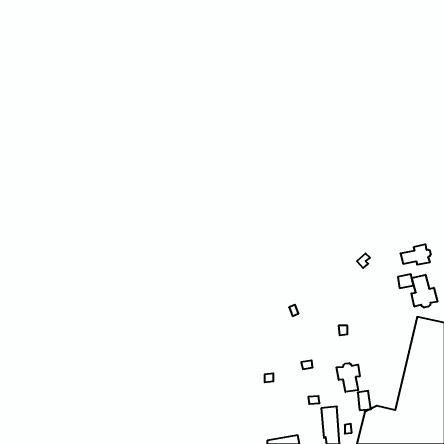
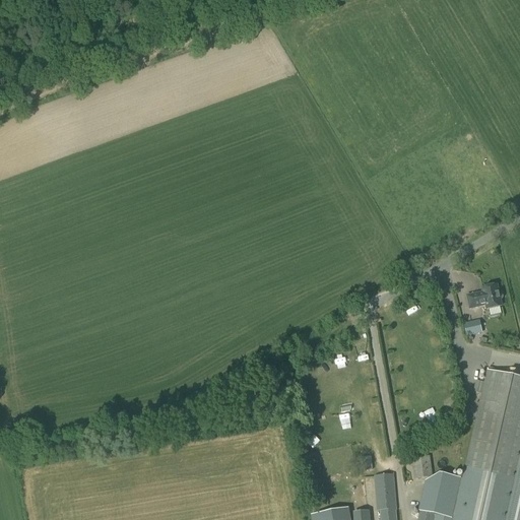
building: [411,275,437,308] -> none
building: [337,363,360,392] -> none

